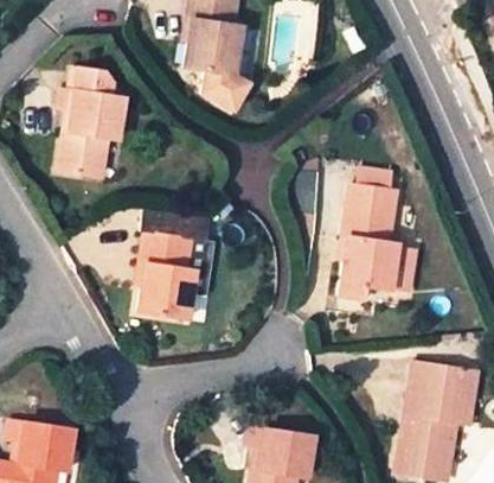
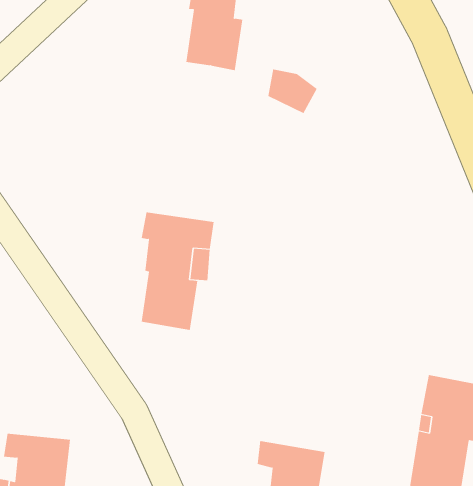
building: [200,68,248,110] -> [268,69,318,114]
building: [54,70,120,177] -> none
building: [341,184,396,299] -> none

